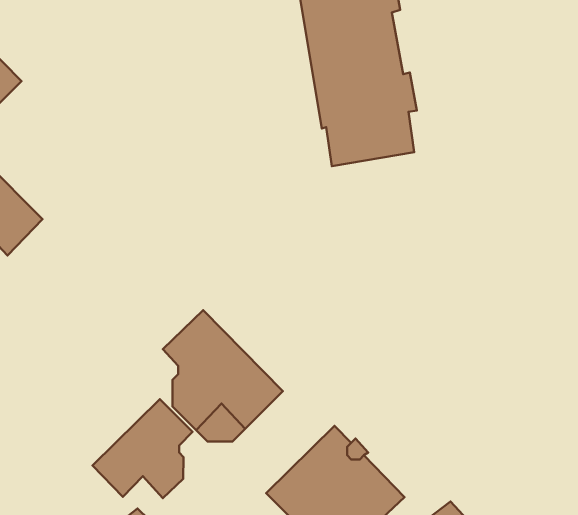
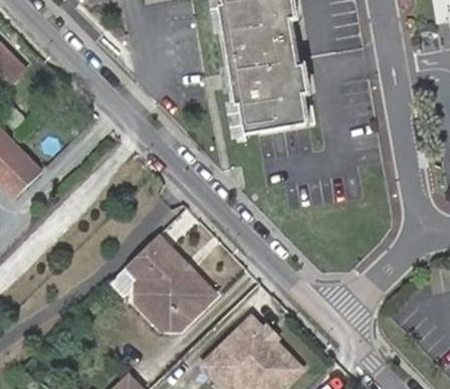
building: [92,399,192,498] -> none

